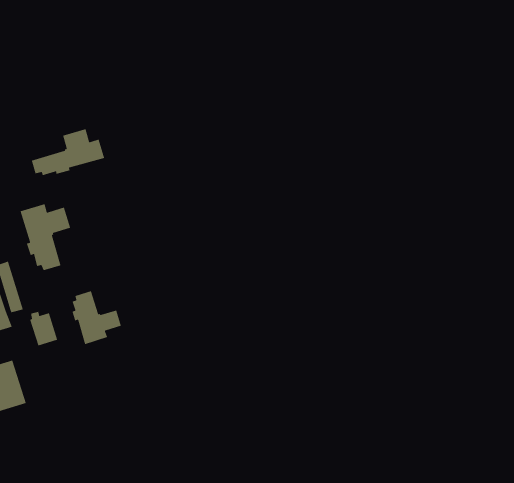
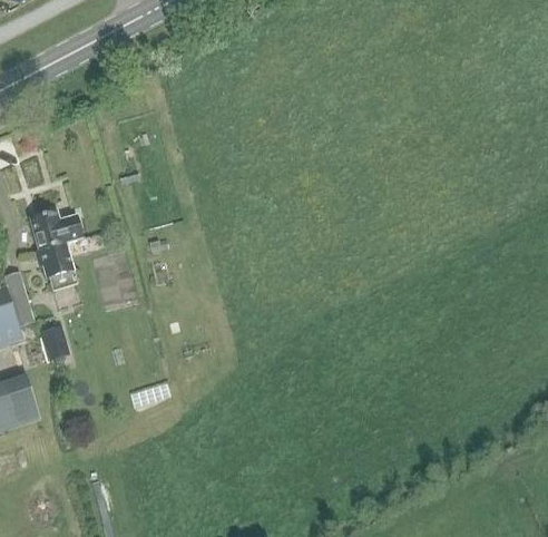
building: [31,128,105,176] -> none
building: [72,290,122,345] -> none

